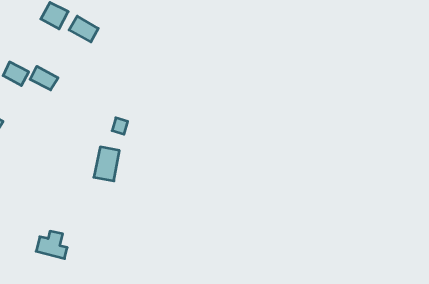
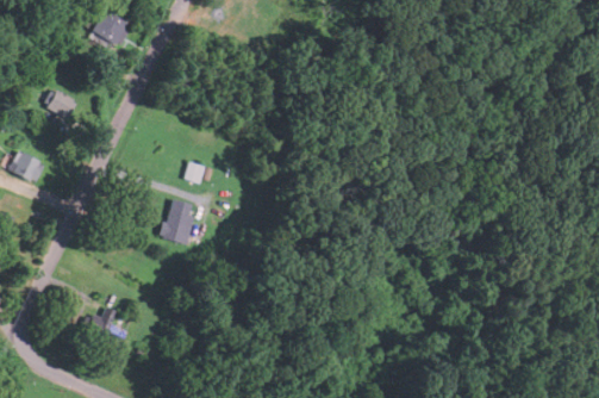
building: [69,16,98,42] -> none
building: [30,66,58,90] -> none

